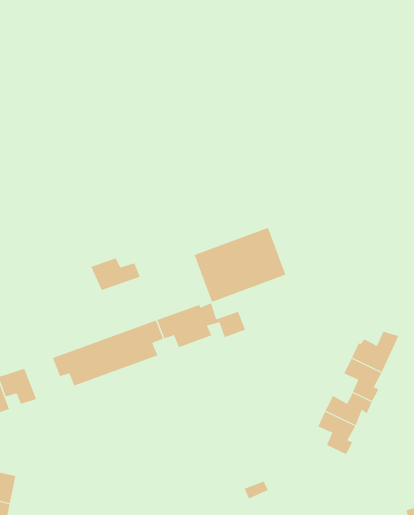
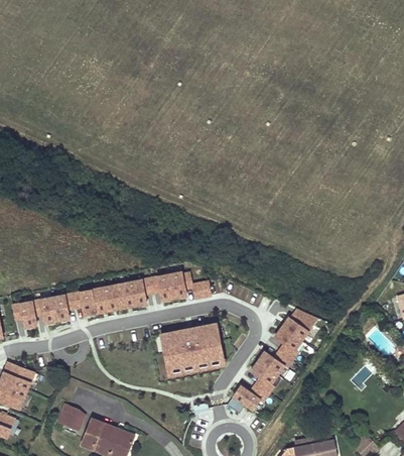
building: [194,227,286,302] -> [160,323,223,369]
building: [91,257,141,291] -> none
building: none -> [51,294,75,321]
building: none -> [226,385,267,414]

